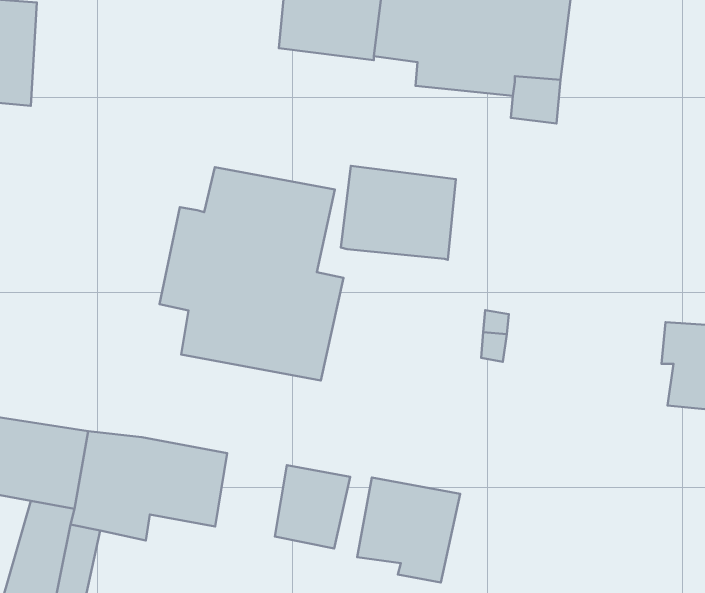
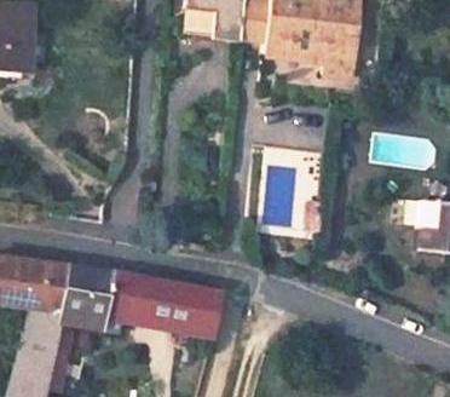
building: [341,166,456,260] -> none
building: [159,167,343,380] -> none
building: none -> [144,280,188,330]
building: [357,477,460,583] -> none

